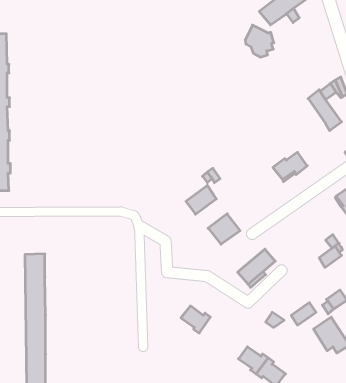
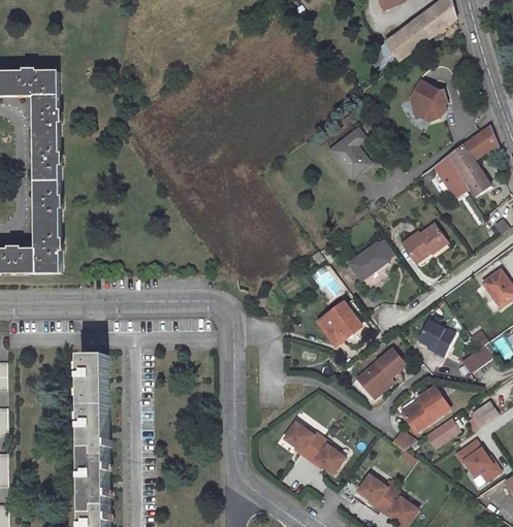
building: [245,25,274,57] -> [410,79,447,121]
building: none -> [329,128,371,177]
building: none -> [420,155,470,197]
building: [186,185,216,214] -> [348,242,387,279]
building: none -> [418,320,453,355]
building: none -> [398,386,448,431]
building: none -> [307,436,344,472]

